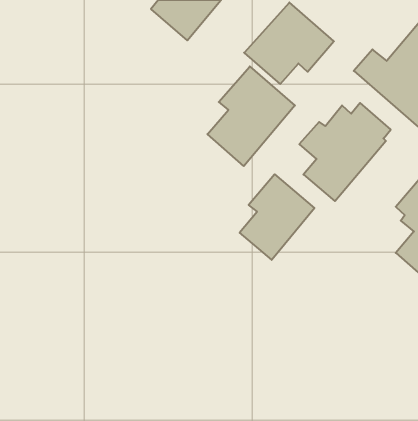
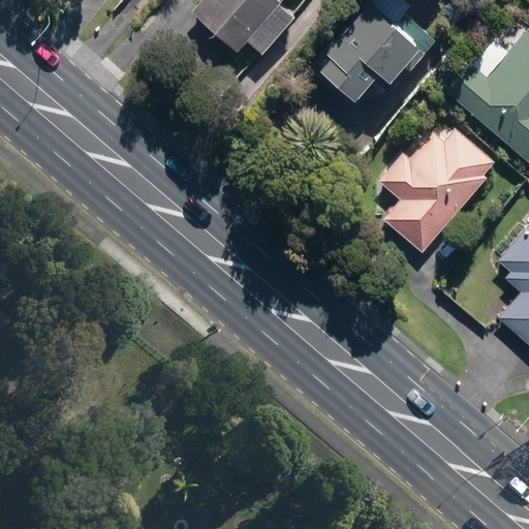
building: [207,66,295,166] -> none
building: [240,174,314,260] -> none

